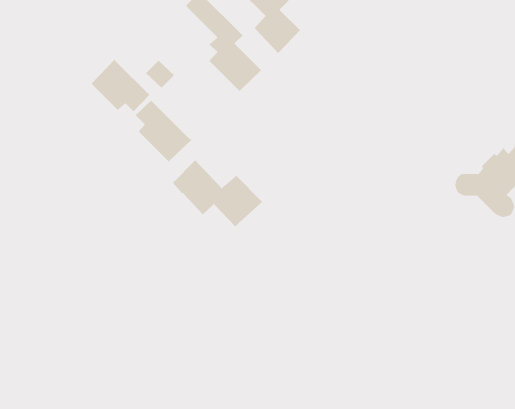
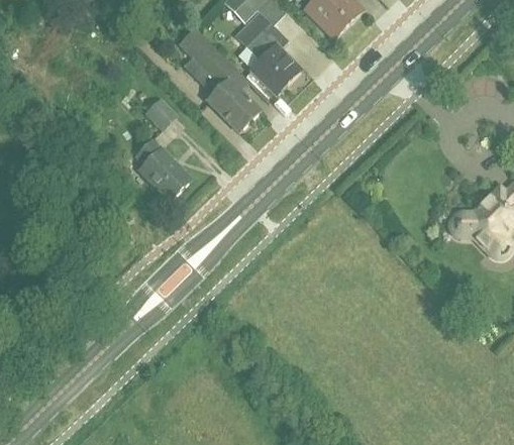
building: [91,59,150,112] -> none
building: [172,160,263,227] -> none

